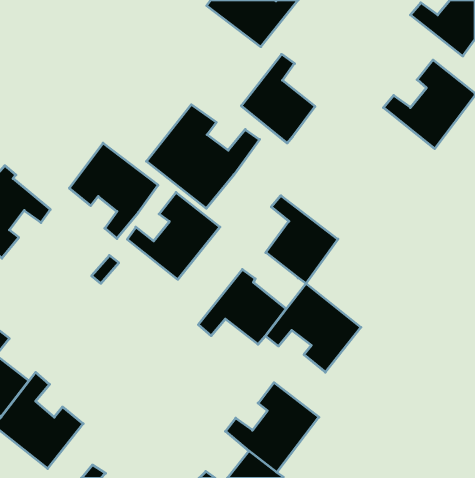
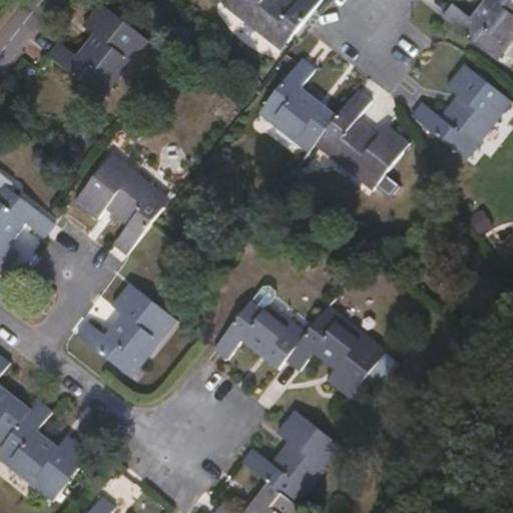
building: none -> [47,4,147,99]
building: none -> [314,89,410,191]
building: [146,105,260,208] -> none
building: [127,192,220,279] -> [77,284,176,377]
building: [266,196,338,283] -> none

